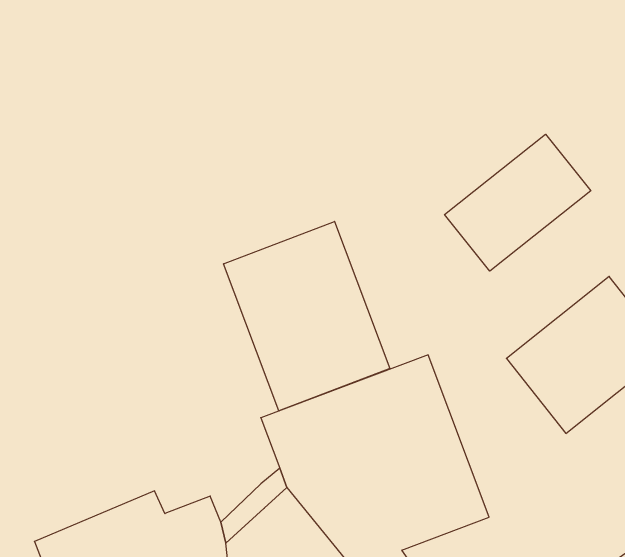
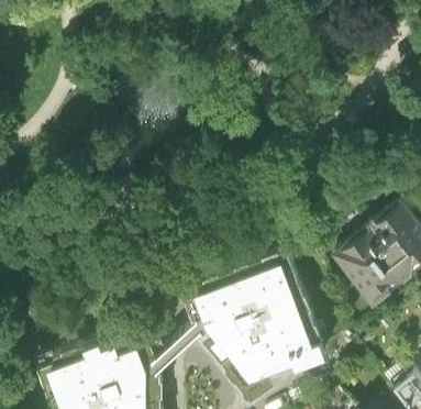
building: [445,134,591,271] -> none
building: [224,221,390,411] -> none

